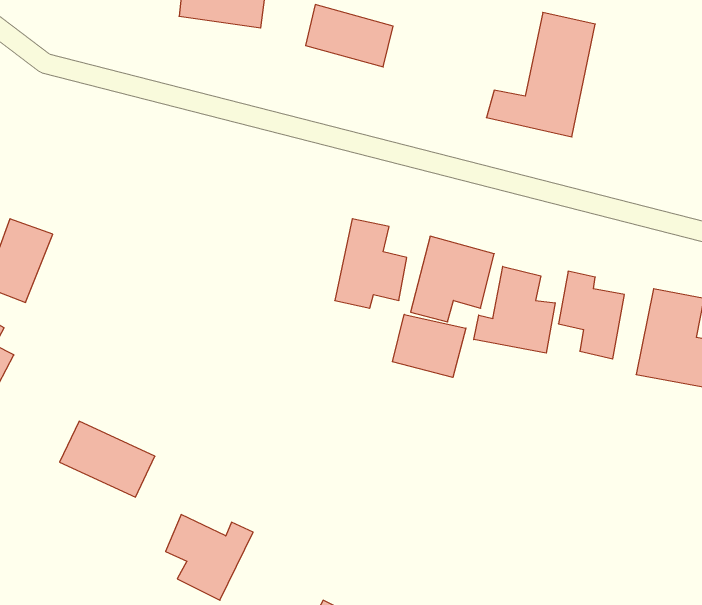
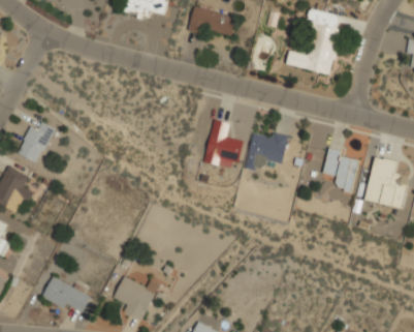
building: [474,266,555,353] -> none
building: [392,314,466,377] -> none
building: [60,421,155,497] -> [41,275,92,315]

